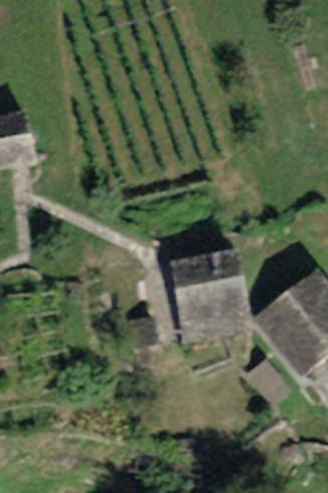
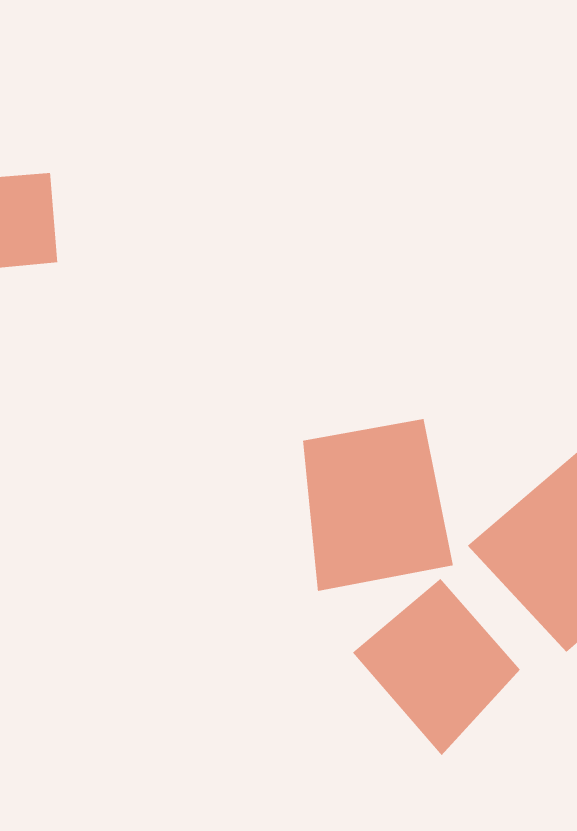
building: none -> [352,578,521,756]

